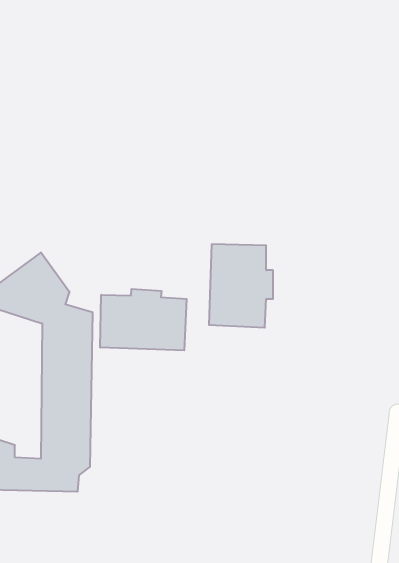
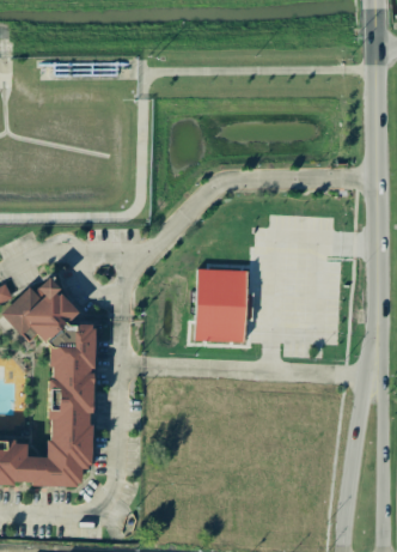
building: [100,289,187,350] -> none

